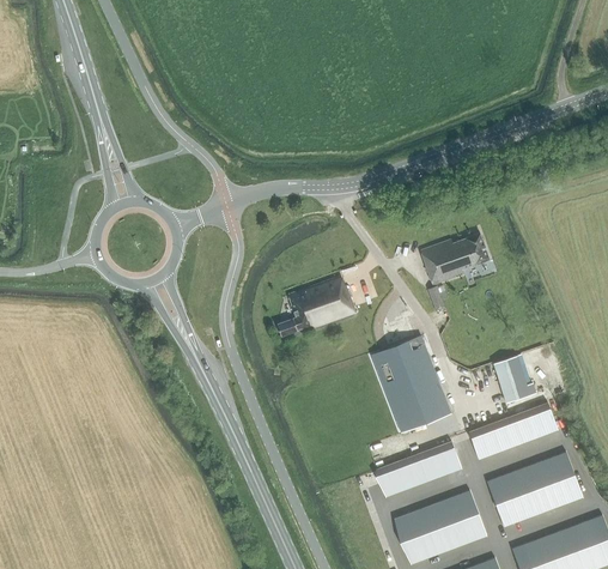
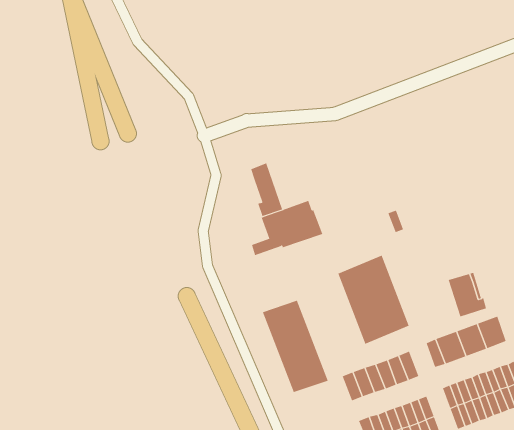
building: [420,234,490,285] -> none
building: none -> [250,163,283,217]
building: none -> [262,300,328,393]

